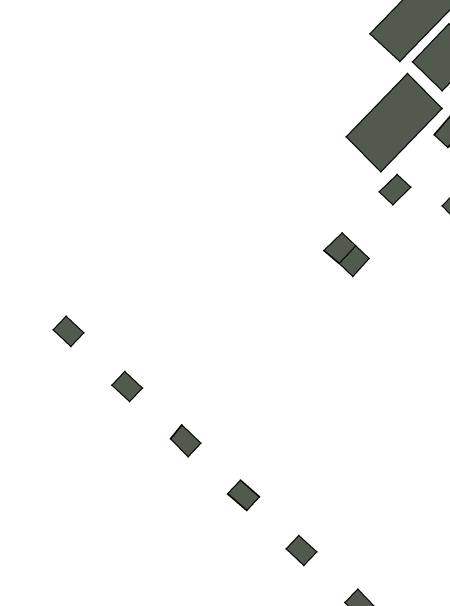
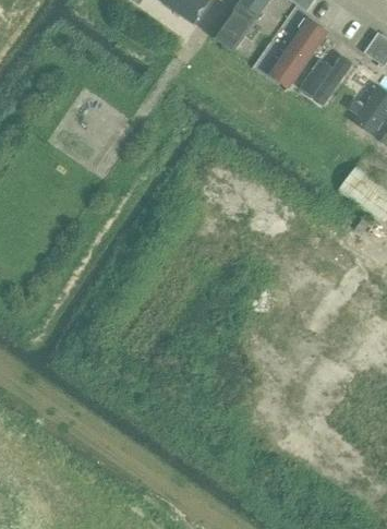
building: [346,74,442,172] -> none

